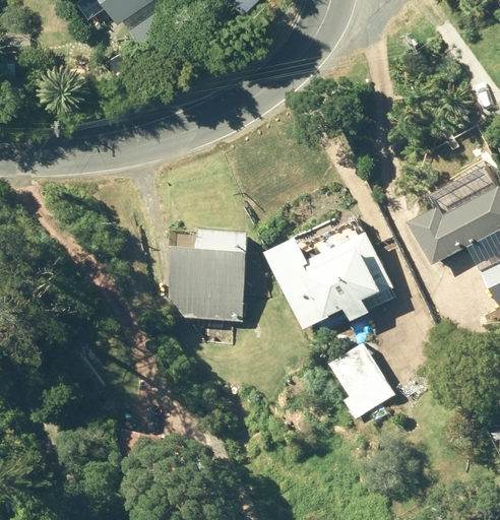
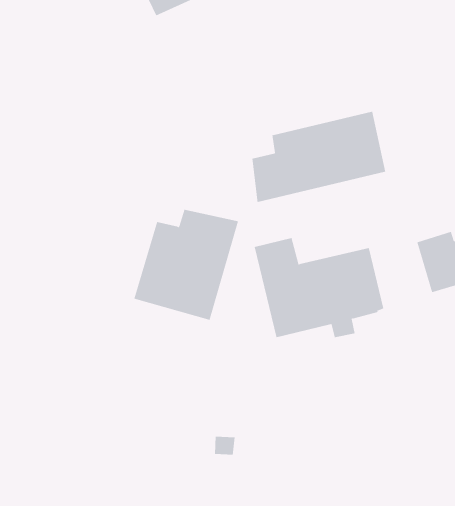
building: none -> [252,111,386,203]
building: [325,342,392,418] -> none

